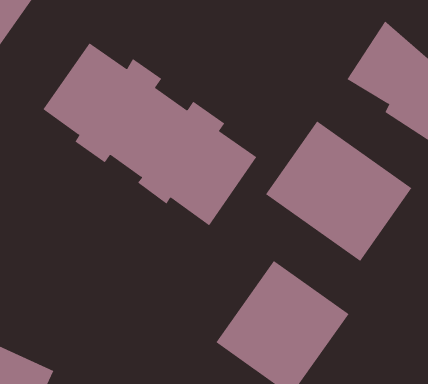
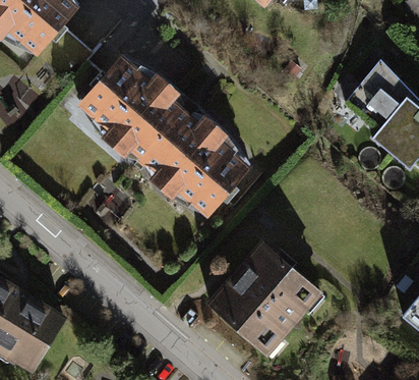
building: [265,121,412,262] -> none

